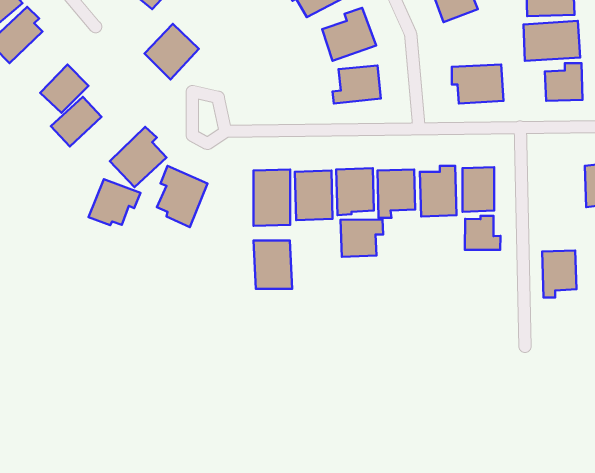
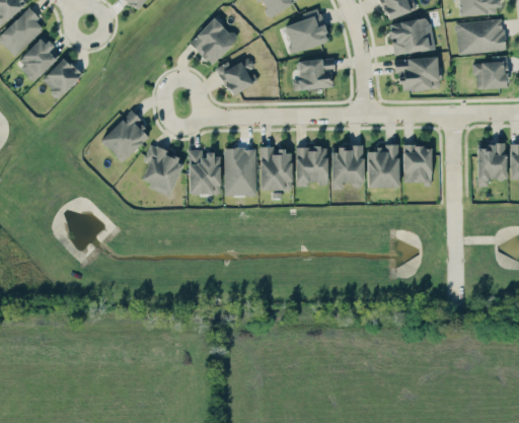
building: none -> [388,17,431,55]
building: [145,24,199,79] -> [190,17,236,65]
building: none -> [217,57,258,95]
building: [51,97,102,146] -> [16,39,60,81]
building: [88,179,140,225] -> none
building: [465,216,501,250] -> none
building: [341,219,383,257] -> none
building: [253,240,292,289] -> [188,152,221,194]
building: [542,250,576,298] -> [476,145,506,186]

